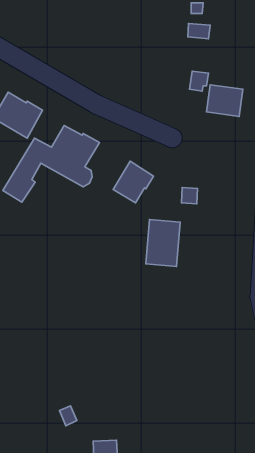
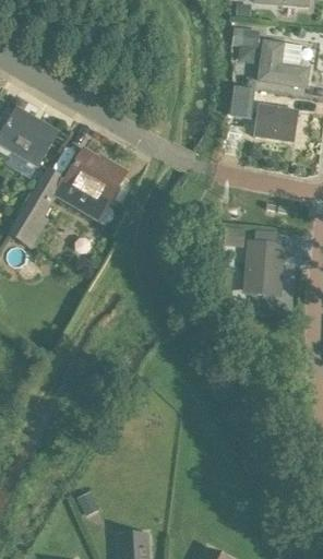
building: none -> [259,37,308,85]
building: [113,161,153,203] -> none
building: [146,220,180,266] -> [243,236,285,293]

